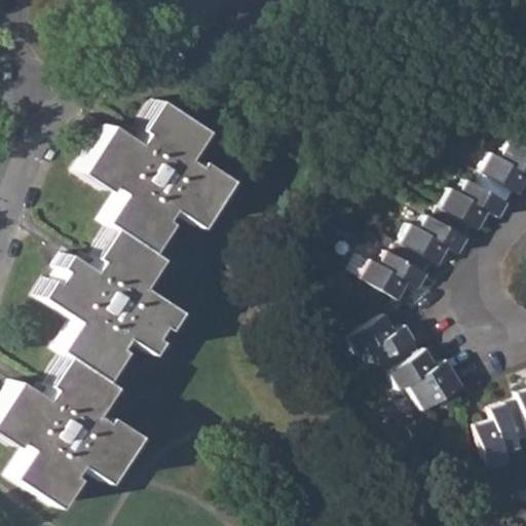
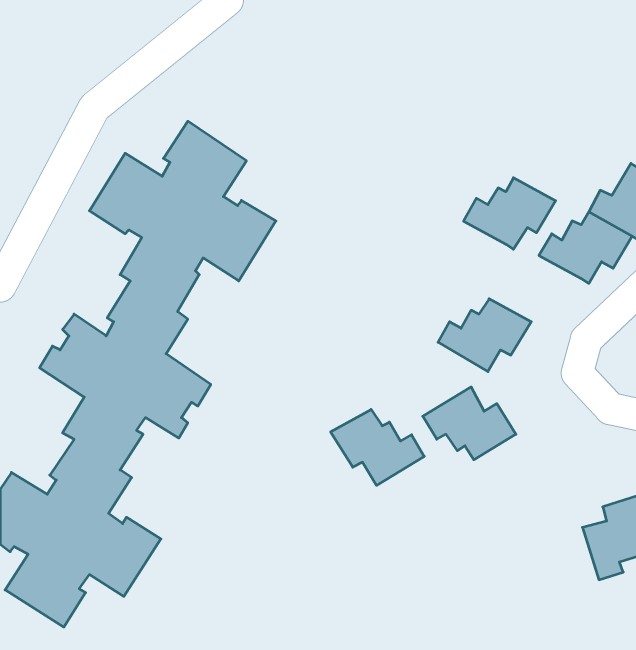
building: [407,208,481,265] -> [464,178,556,249]
building: none -> [331,409,424,485]
building: [394,349,468,410] -> none

